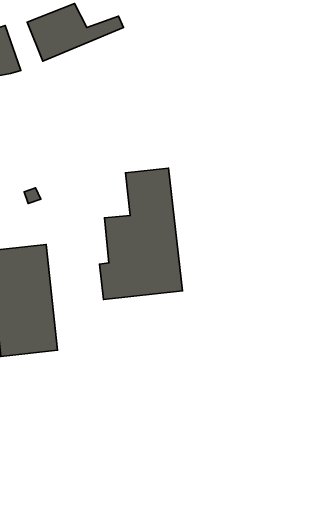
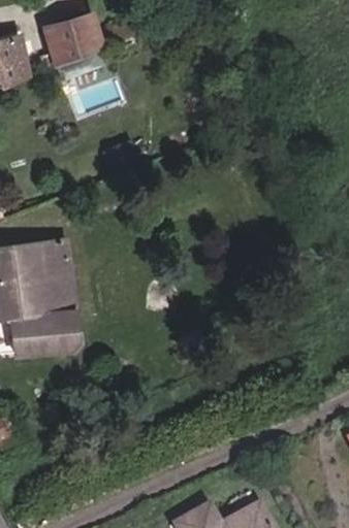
building: [99,168,182,299] -> none

